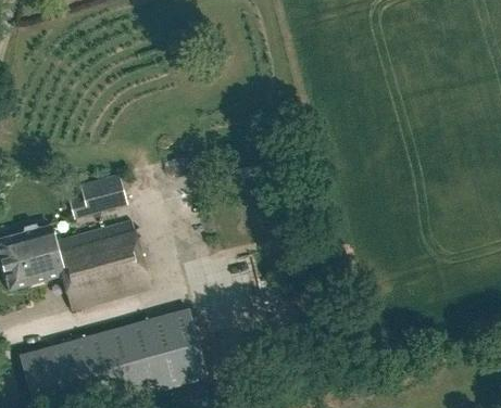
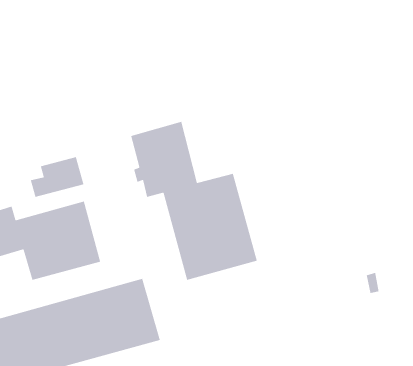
building: none -> [130,121,258,281]

